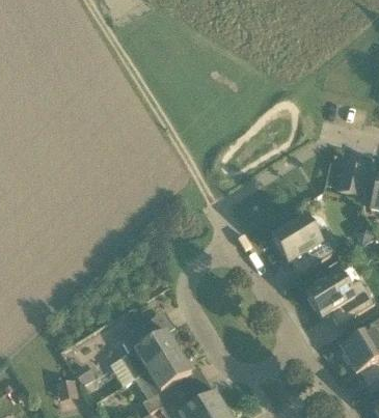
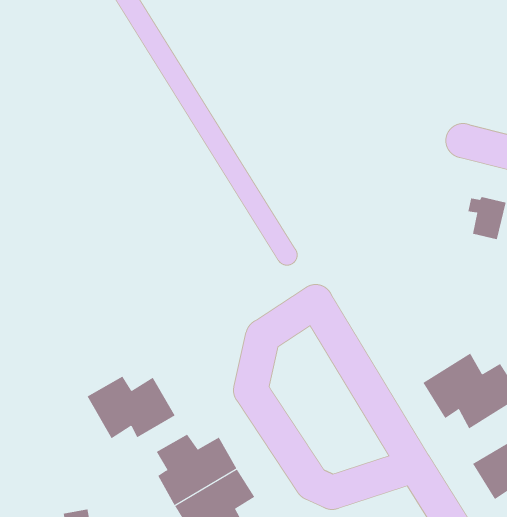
building: [273,217,342,273] -> none
building: none -> [87,376,176,439]

